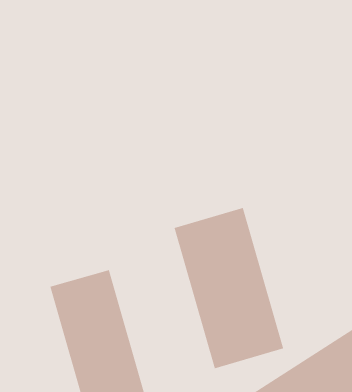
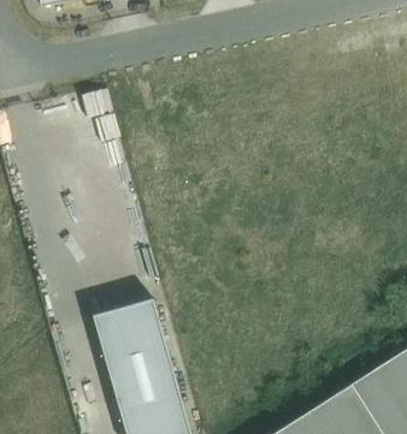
building: [174,207,284,369] -> none

